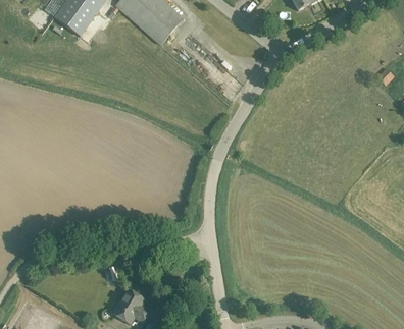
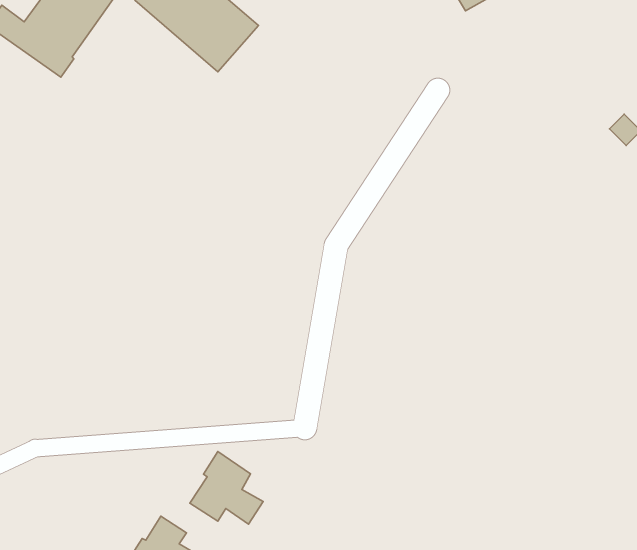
building: none -> [190,452,263,524]

